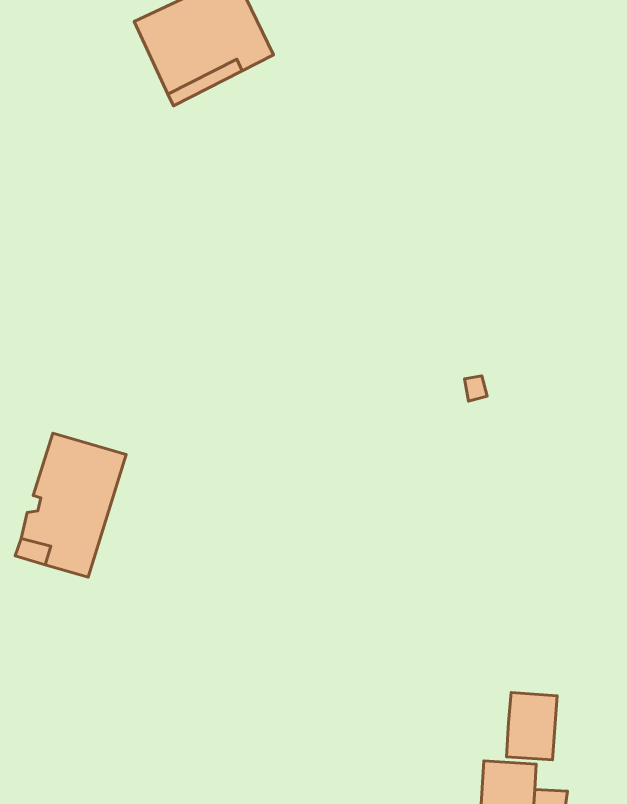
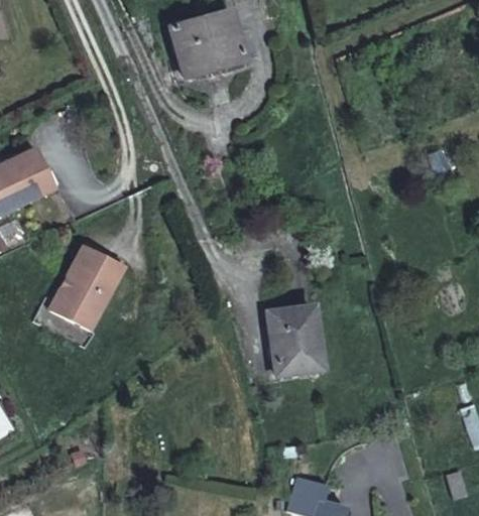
building: none -> [267,306,318,372]
building: [507,693,557,760] -> none

